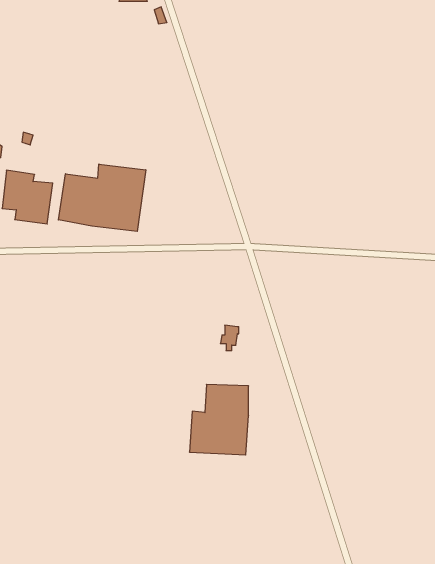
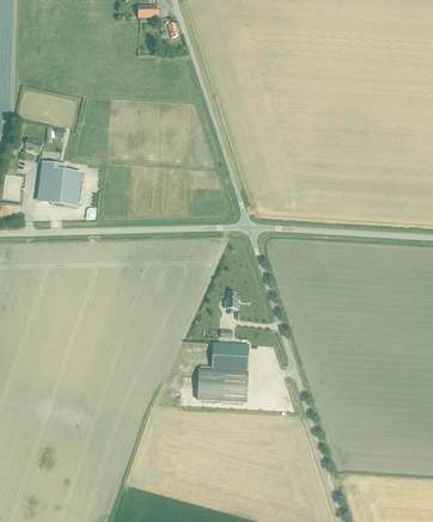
building: [58,164,146,231] -> none

